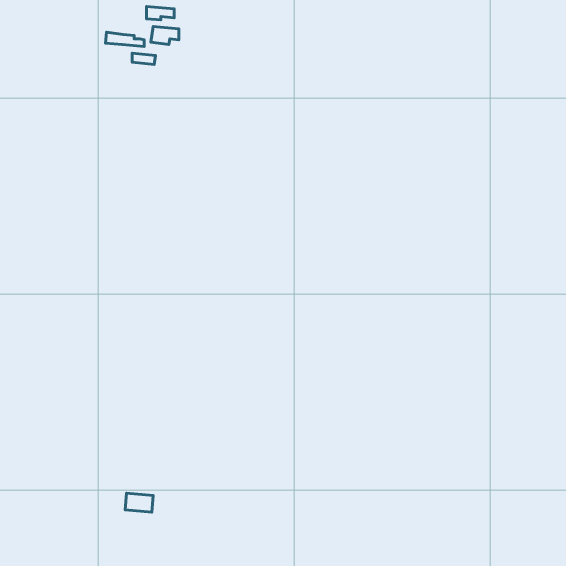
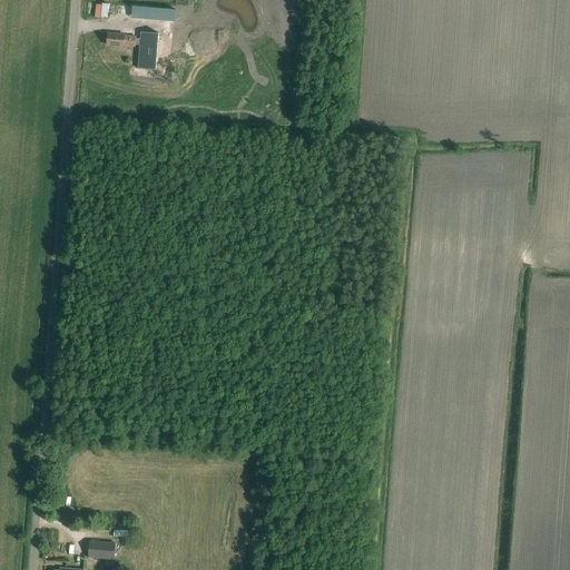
building: [125,493,153,512] -> [87,541,115,560]

